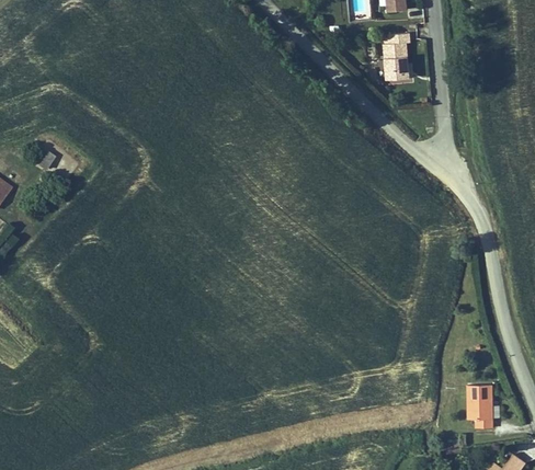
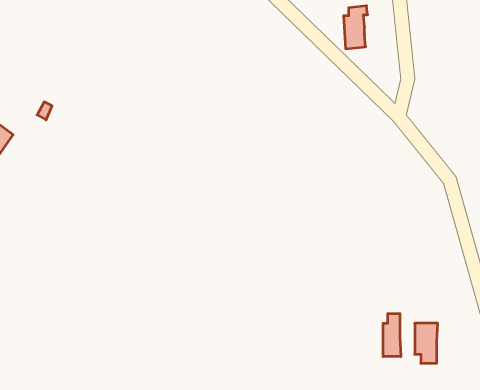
building: none -> [383,314,401,357]

